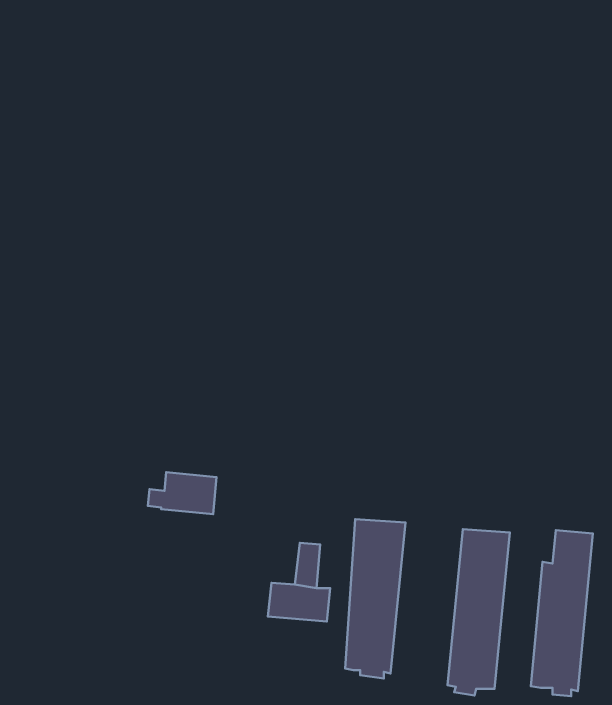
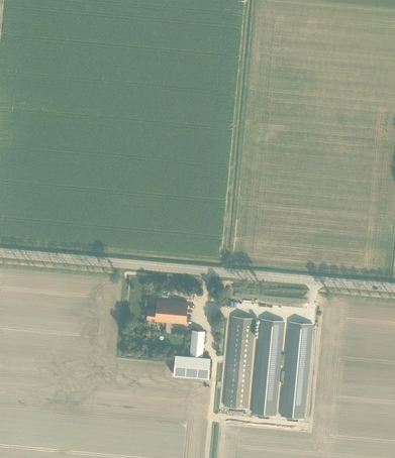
building: [148,472,217,514] -> [146,299,188,324]
building: [531,530,593,696] -> [246,319,284,419]

